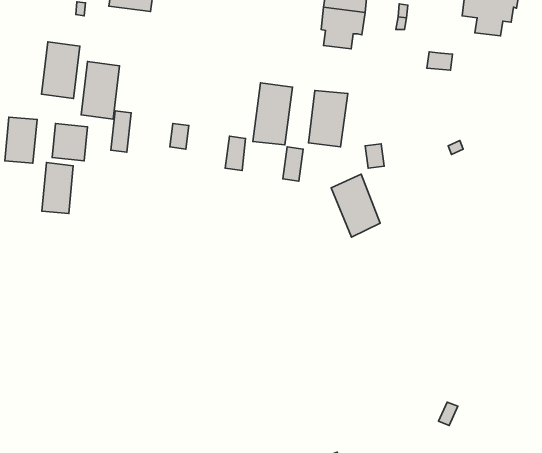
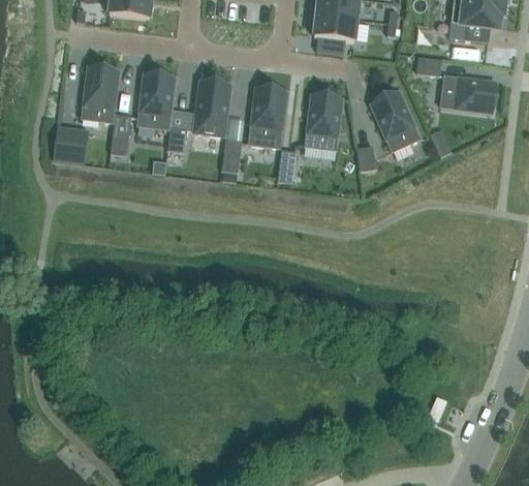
building: [41,42,80,98] -> [137,73,175,128]
building: none -> [440,75,495,114]
building: none -> [193,81,230,135]
building: [5,117,37,163] -> none
building: [42,163,73,214] -> none
building: [331,174,380,237] -> [372,91,419,152]

